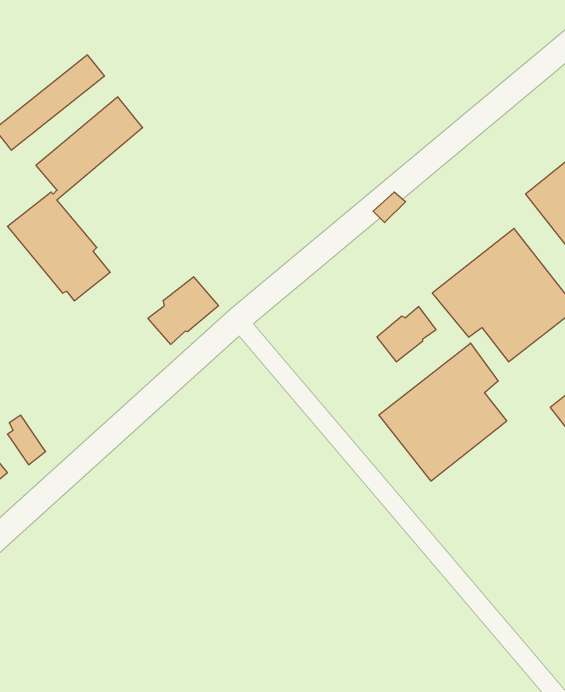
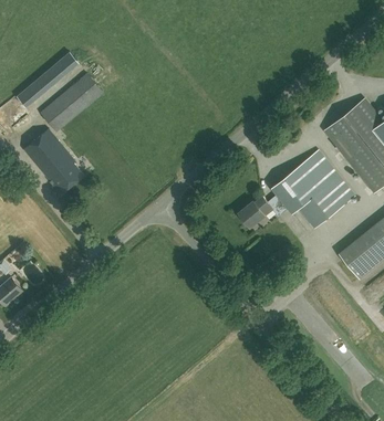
building: [148,277,218,344] -> none
building: [379,343,507,481] -> none

